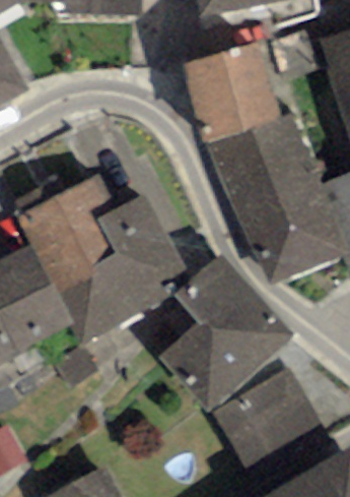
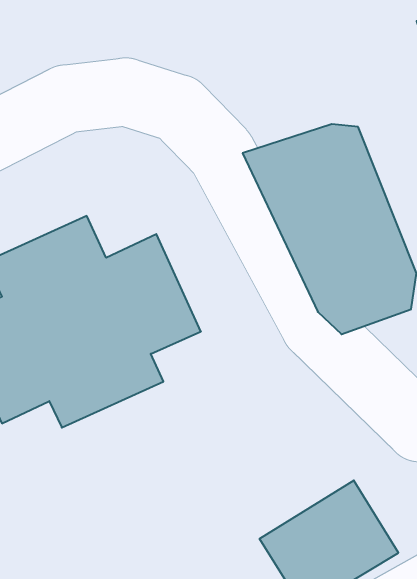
building: [181,43,269,136] -> none
building: [164,269,285,402] -> none

